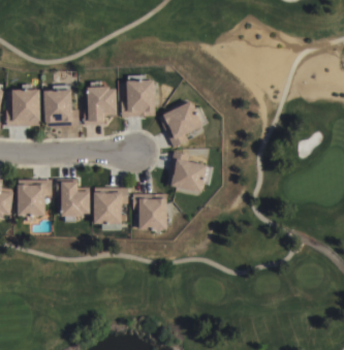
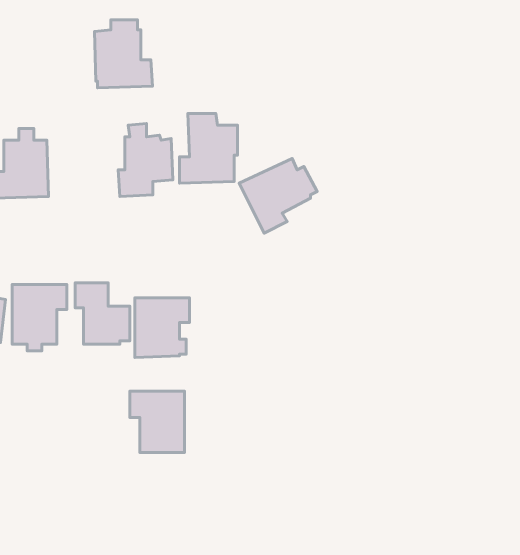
building: [42,85,79,127] -> [94,20,152,88]
building: [166,151,212,194] -> none
building: [132,193,166,231] -> [130,391,185,452]

